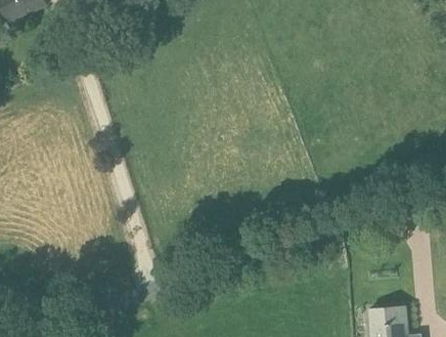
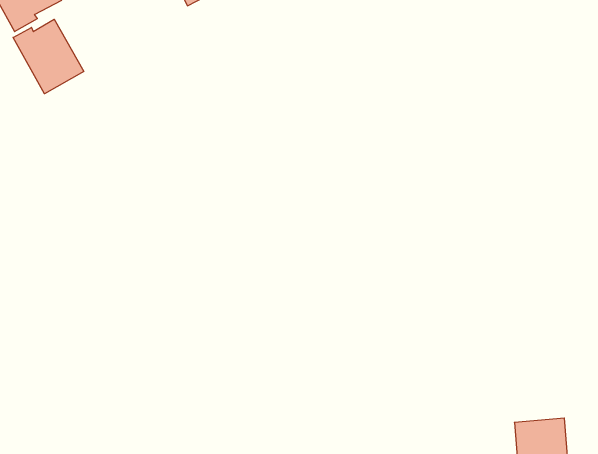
building: none -> [13,19,84,94]

